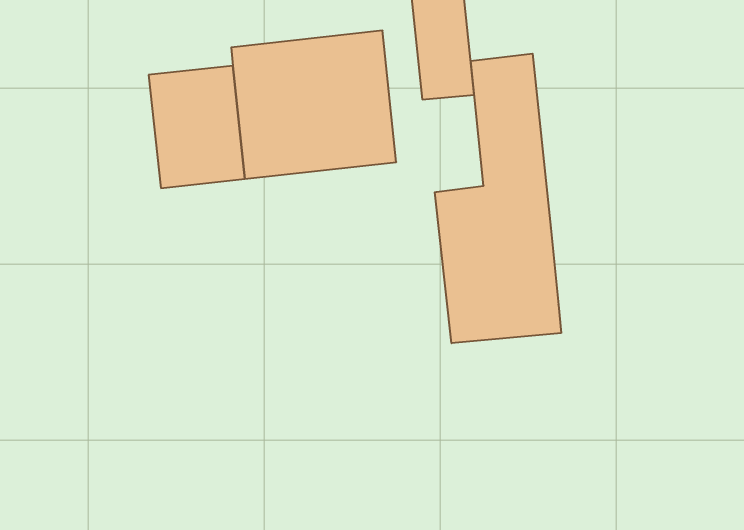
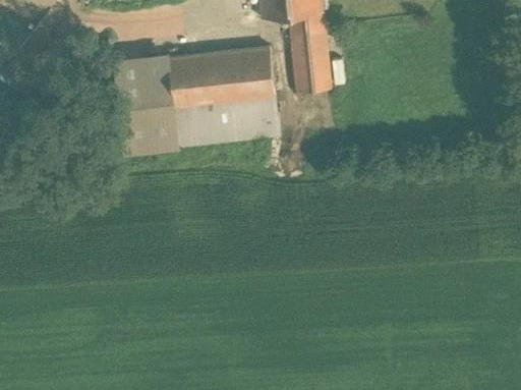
building: [435,54,561,343] -> none

